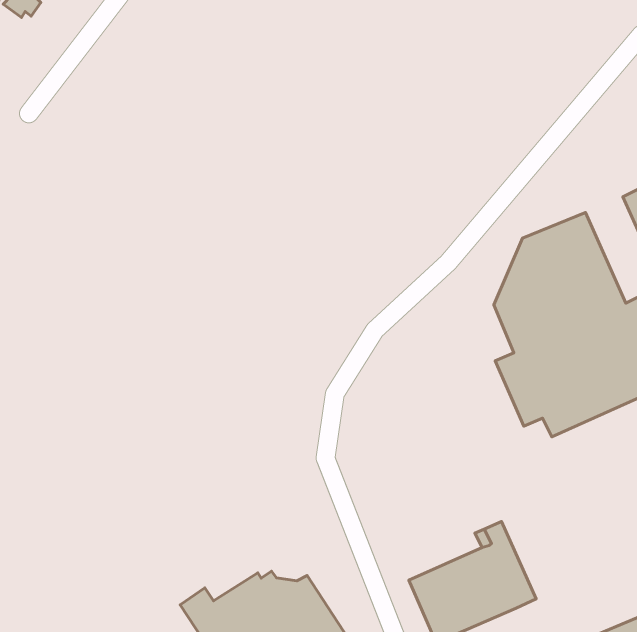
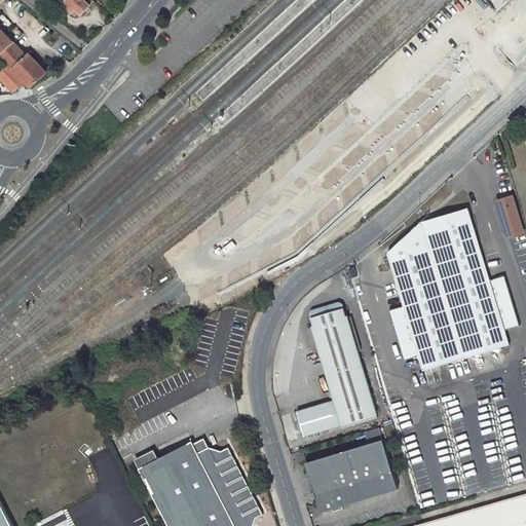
building: none -> [292,301,376,439]

